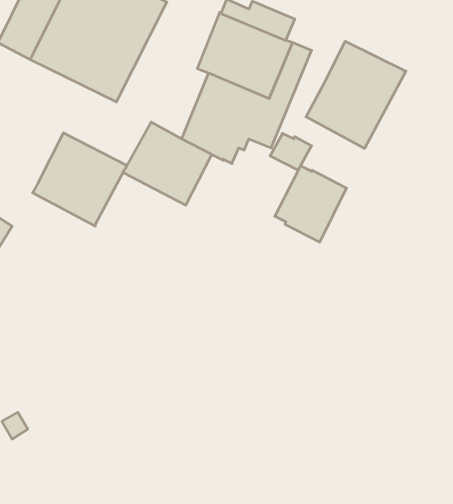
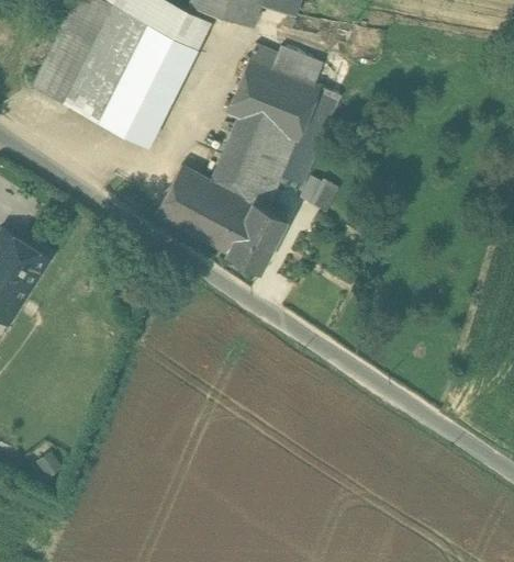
building: [306,41,406,148] -> none
building: [33,133,127,226] -> none
building: [275,166,347,242] -> [217,195,288,270]

